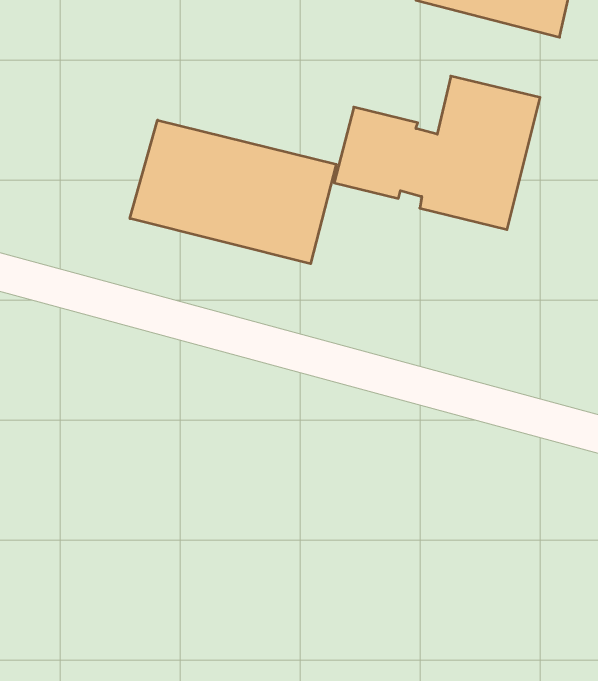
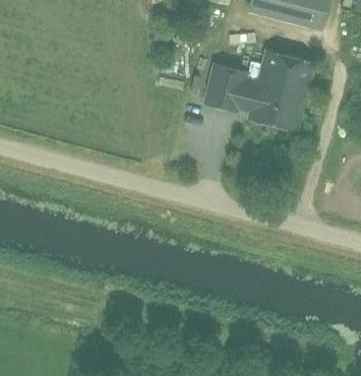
building: [130,120,336,264] -> none

